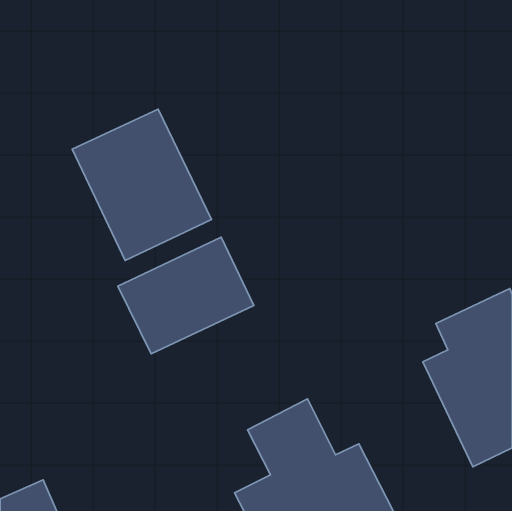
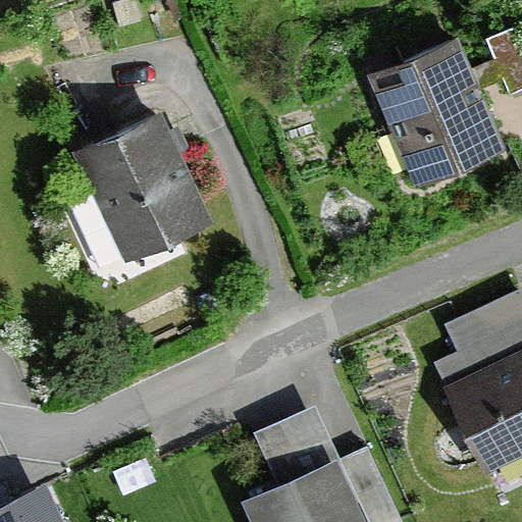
building: none -> [371,37,507,190]
building: [118,237,254,354] -> none

